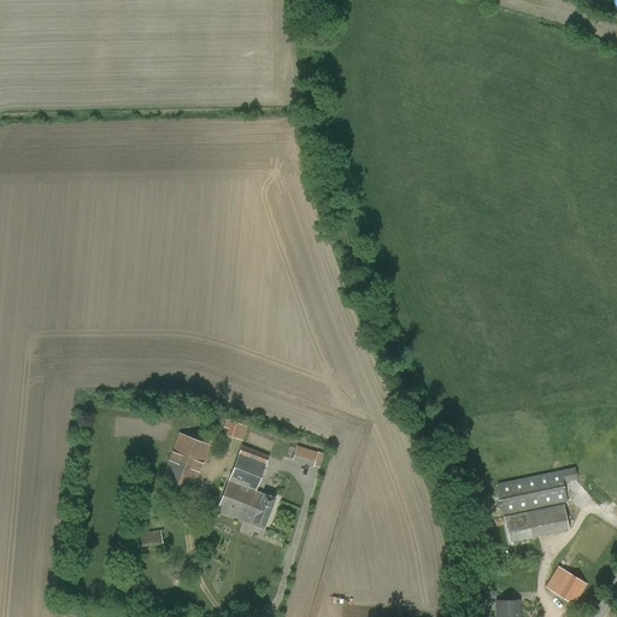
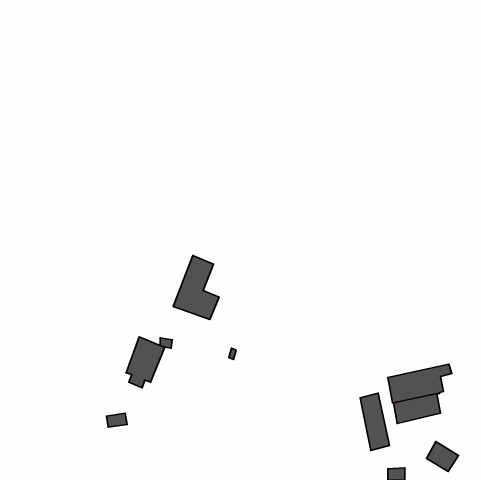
building: [217,445,276,527] -> [173,256,219,320]
building: none -> [360,393,389,450]

